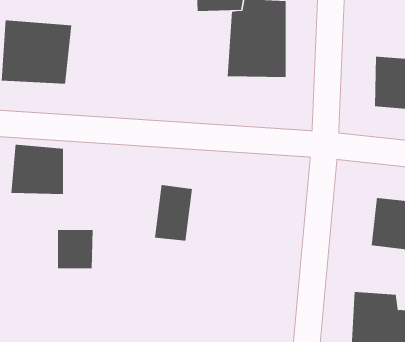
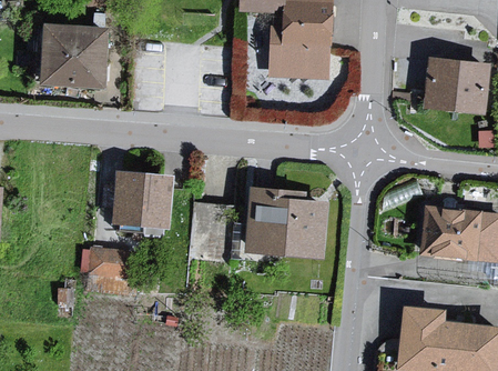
building: [11,144,64,194] -> [113,170,169,222]
building: none -> [244,185,328,261]

